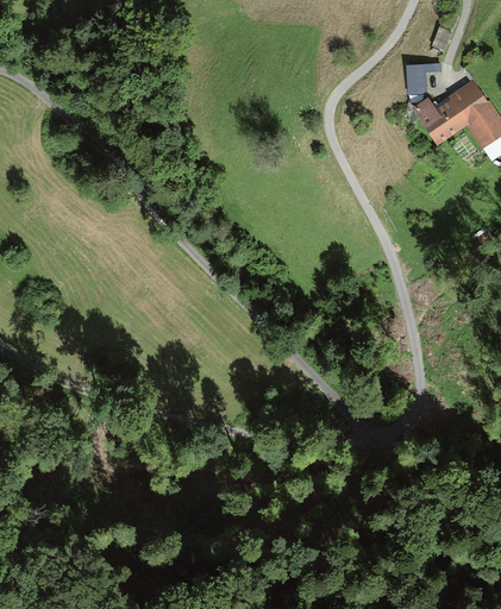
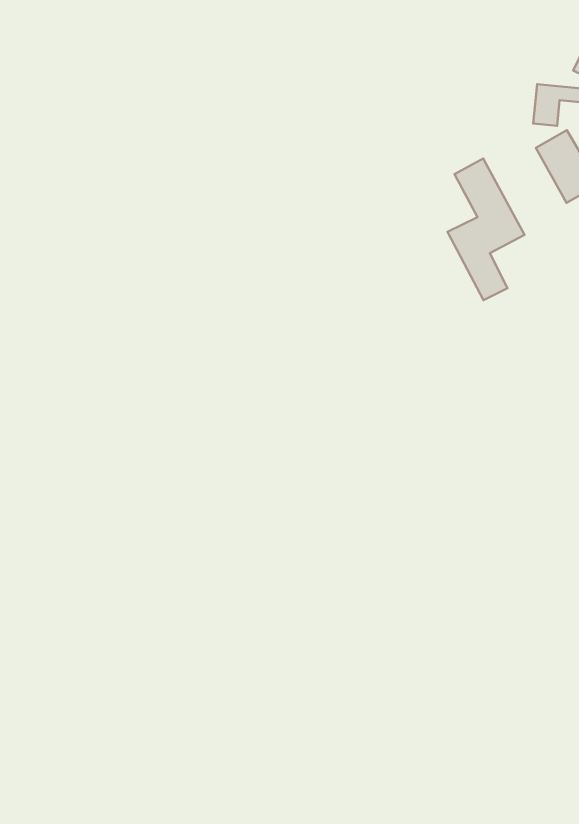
building: none -> [448,158,524,300]

